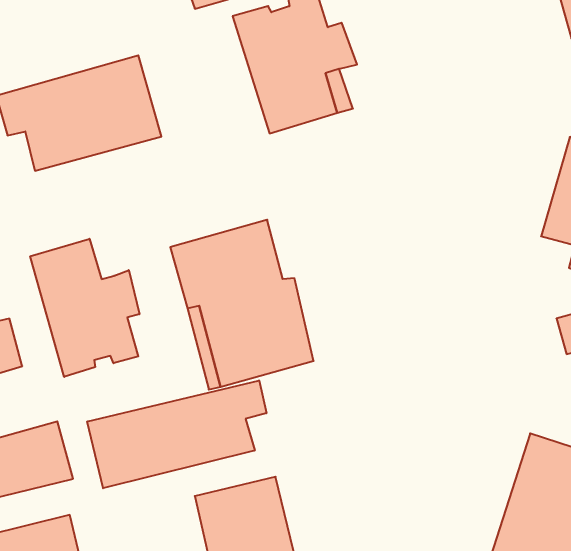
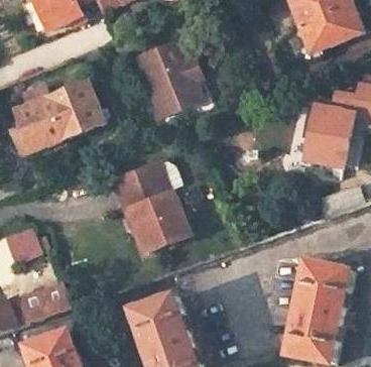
building: [30,239,139,377] -> none
building: [87,380,266,488] -> none

